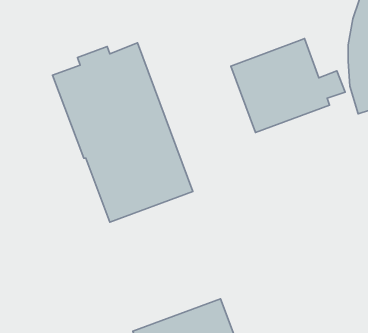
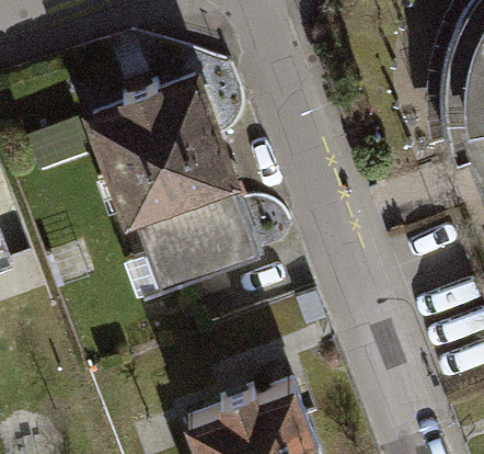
building: [231,38,345,132] -> none

